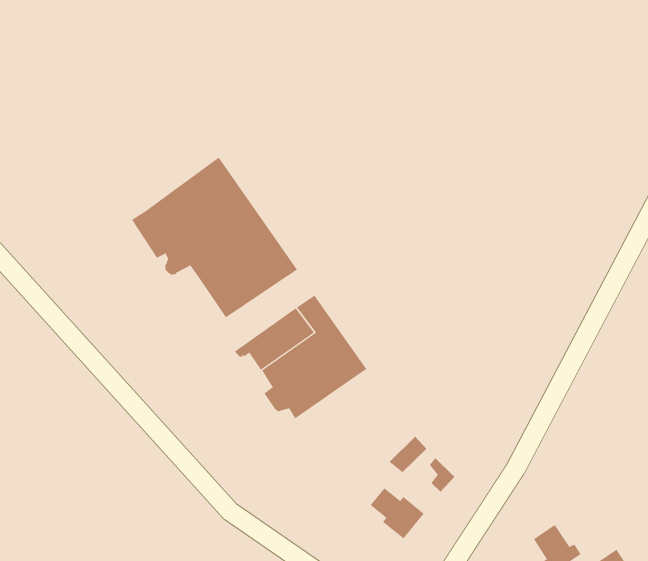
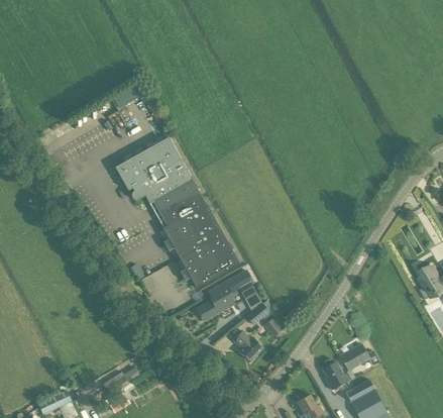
building: none -> [162,204,214,246]
building: none -> [197,269,255,317]
building: none -> [340,343,378,370]

